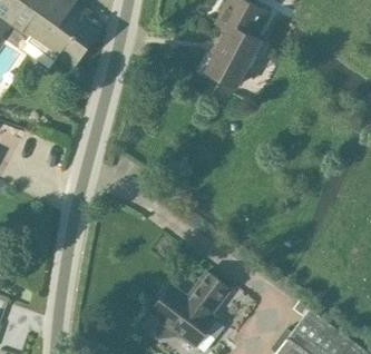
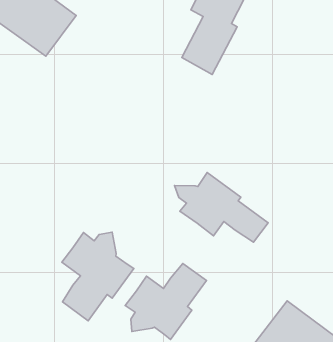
building: none -> [174,172,268,242]
building: none -> [62,232,134,321]

